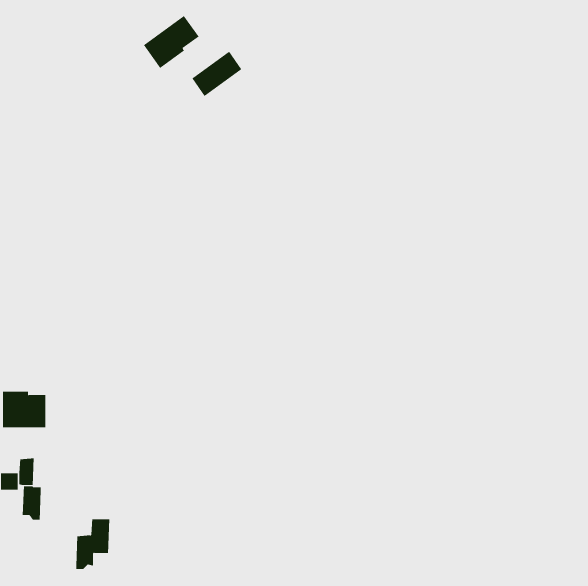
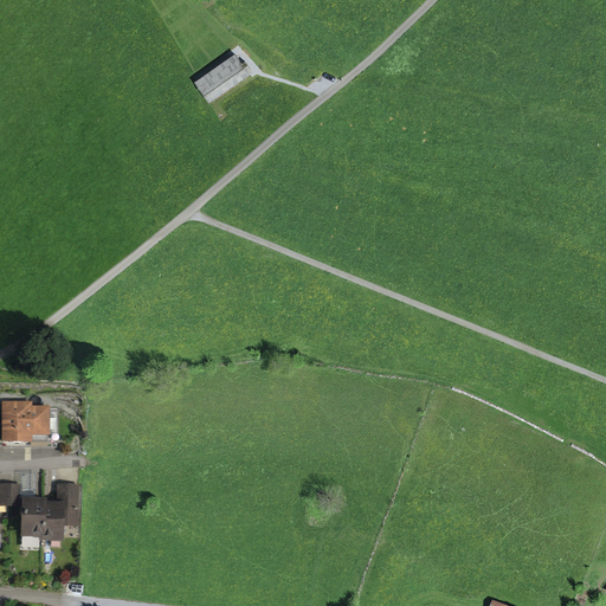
building: [143,15,199,69] -> none
building: [75,519,110,570] -> [41,485,77,537]

